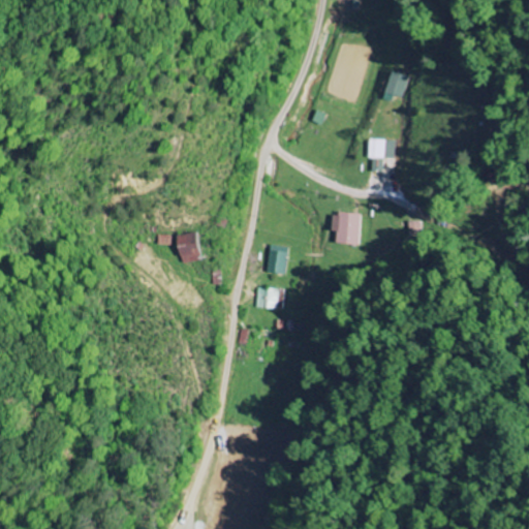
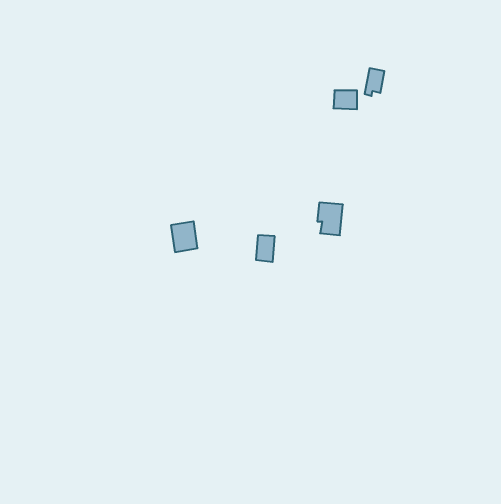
building: [369,139,394,159] -> [333,90,357,109]
building: [256,288,279,309] -> none

